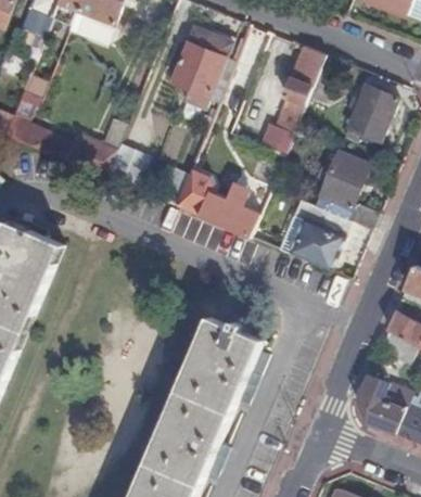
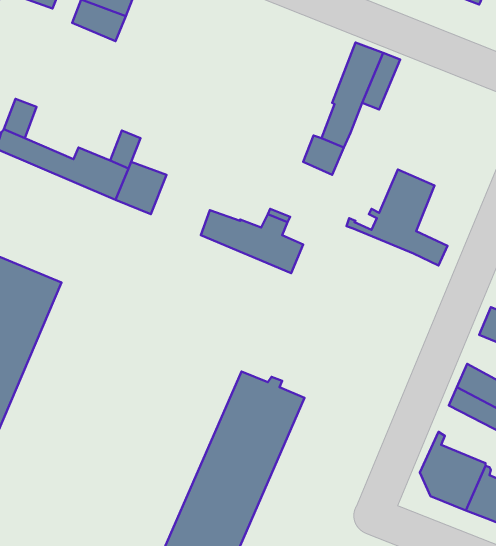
building: [173,26,231,105] -> none
building: [343,84,397,141] -> none
building: [289,200,352,269] -> none

